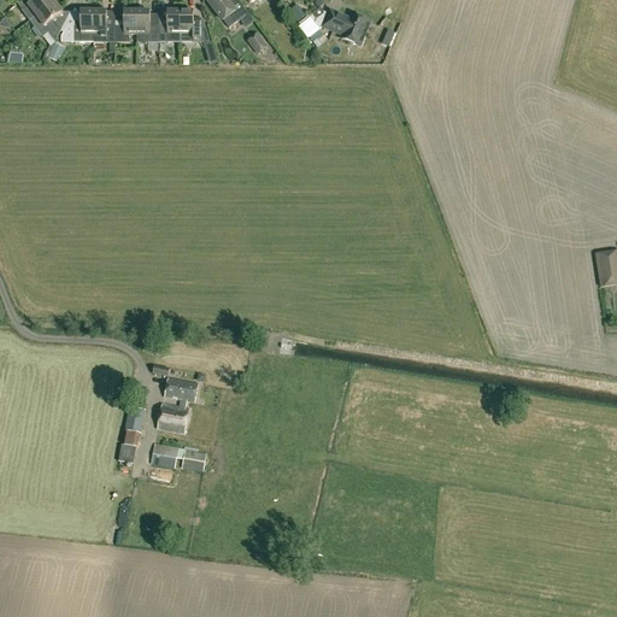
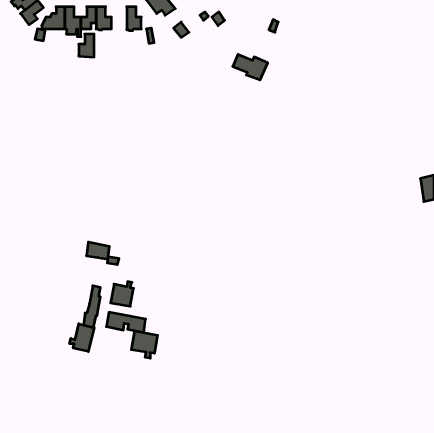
building: [321,8,370,45] -> [233,54,268,80]
building: [158,10,180,42] -> [79,34,94,57]
building: [165,377,198,401] -> [86,242,109,259]
building: none -> [70,324,94,352]
building: none -> [131,331,158,358]

